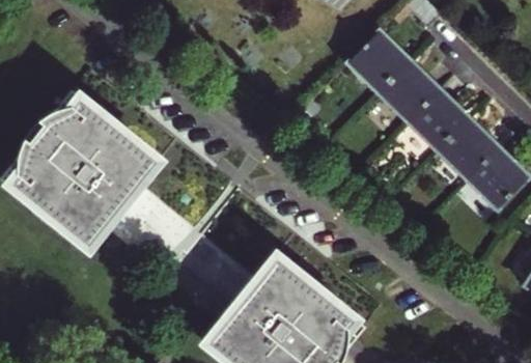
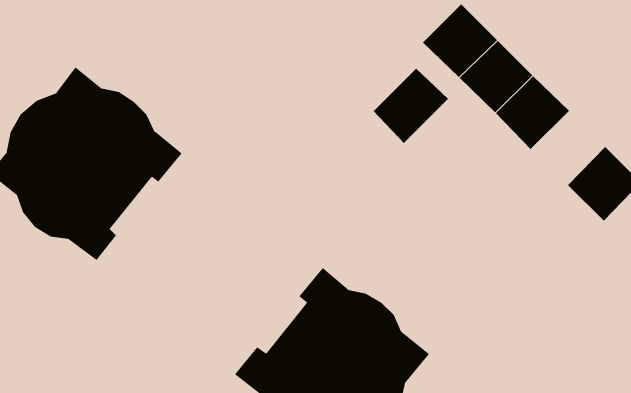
building: none -> [373,68,449,144]
building: [443,124,504,186] -> none

